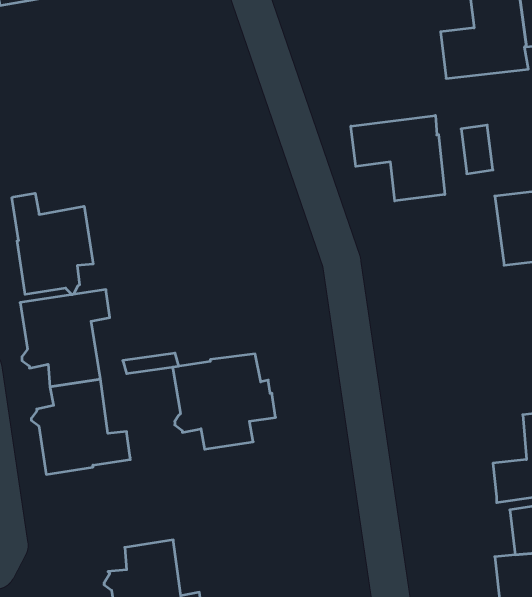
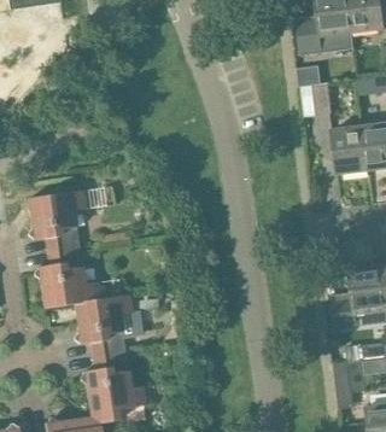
building: [351,115,445,201] -> none
building: [12,193,93,295] -> none
building: [173,354,276,449] -> [74,294,140,356]

